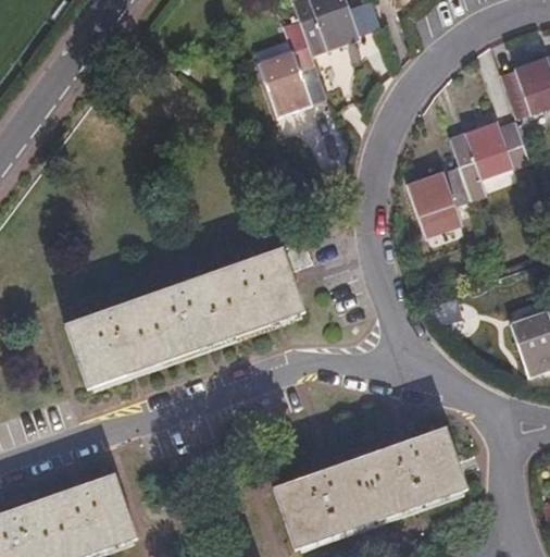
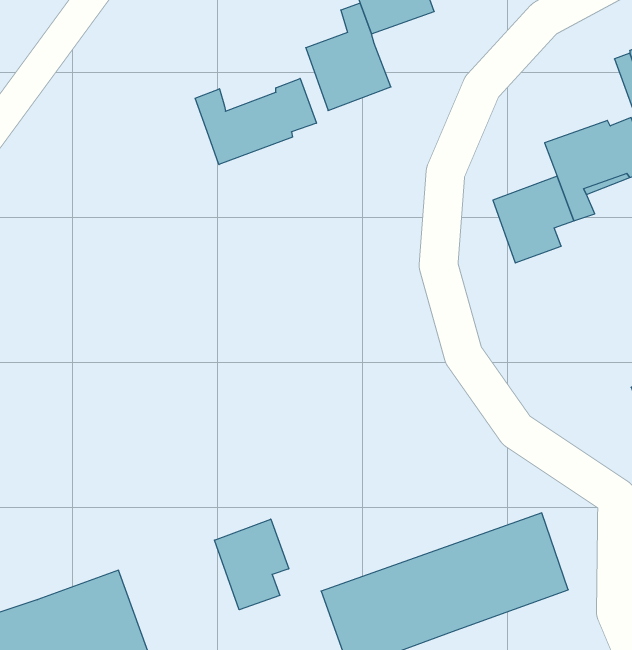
building: none -> [195,78,316,165]
building: [64,242,310,388] -> none
building: none -> [214,519,289,610]

